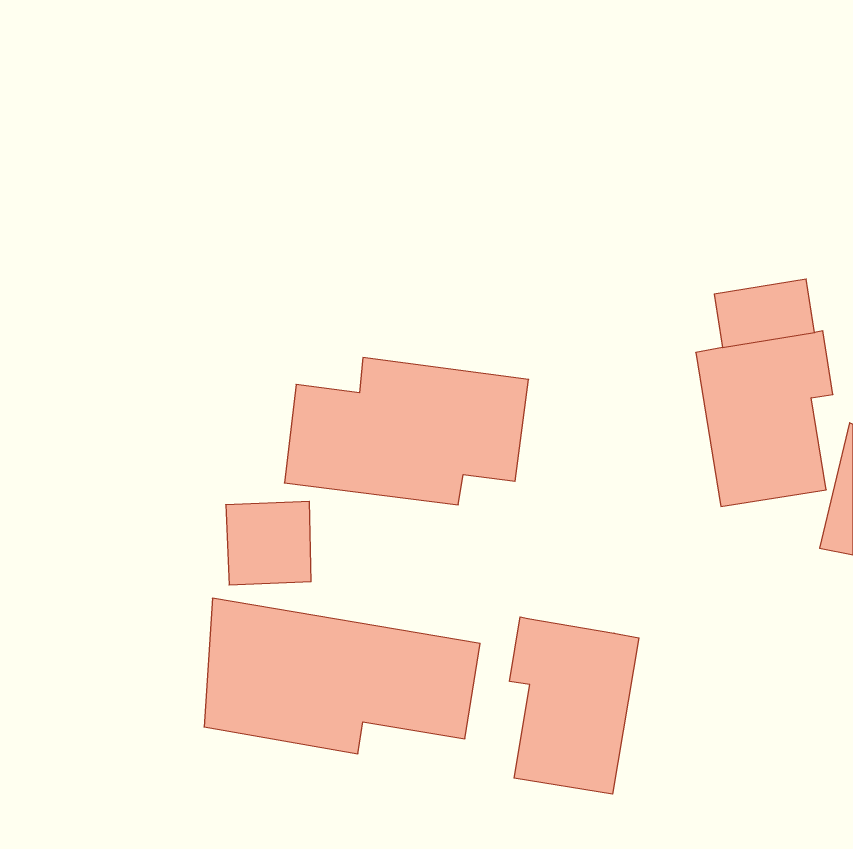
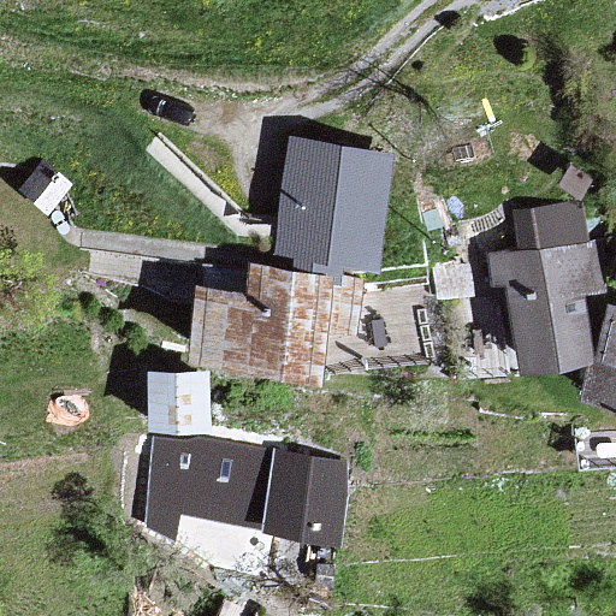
building: none -> [277,142,387,262]
building: [510,617,639,794] -> none

